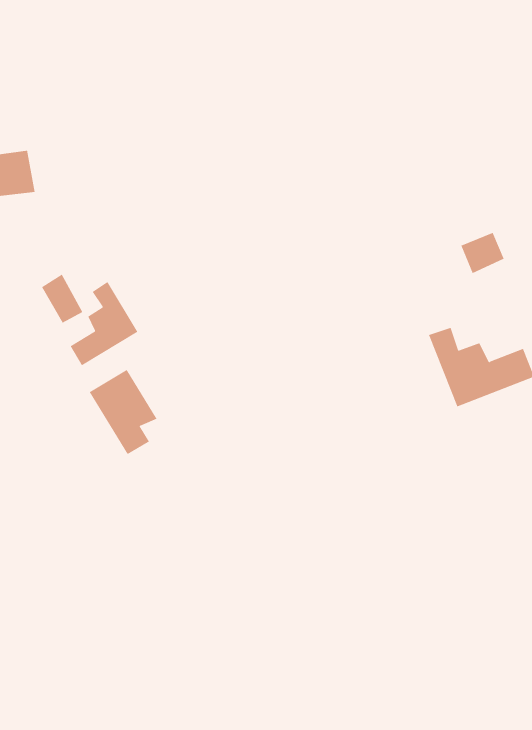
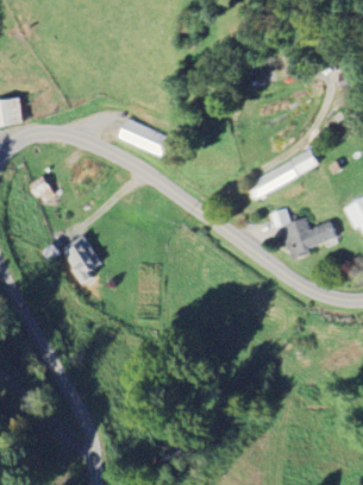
building: none -> [118,120,169,152]
building: none -> [248,162,298,196]
building: [70,281,138,366] -> none

